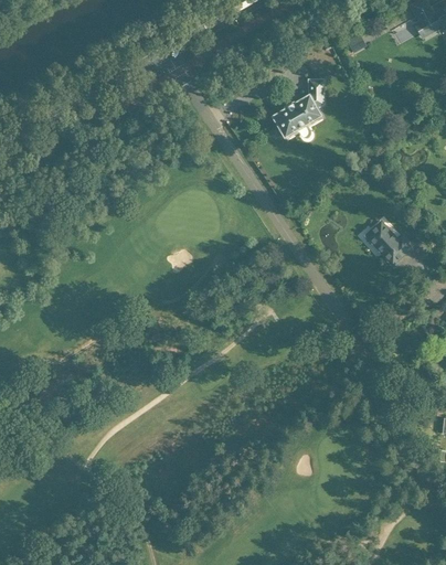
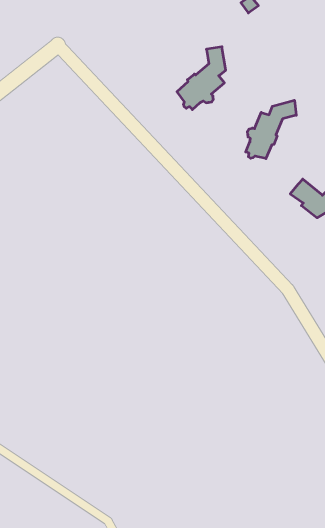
building: none -> [246,100,296,159]

